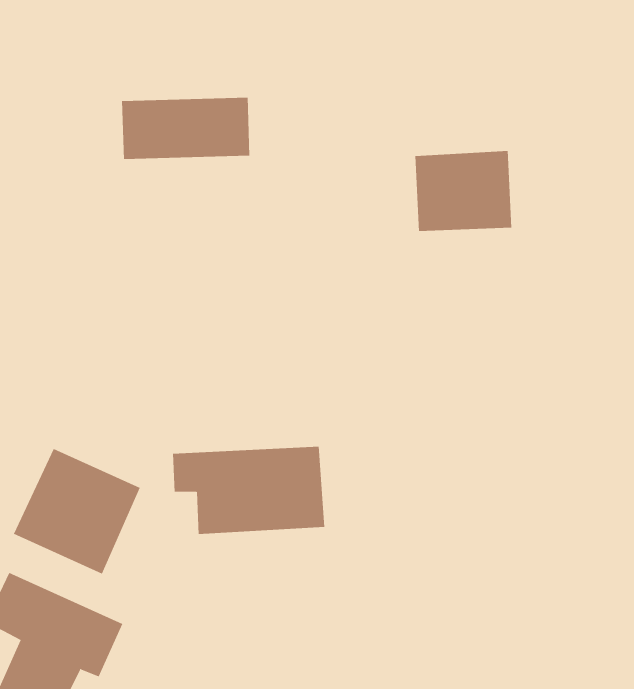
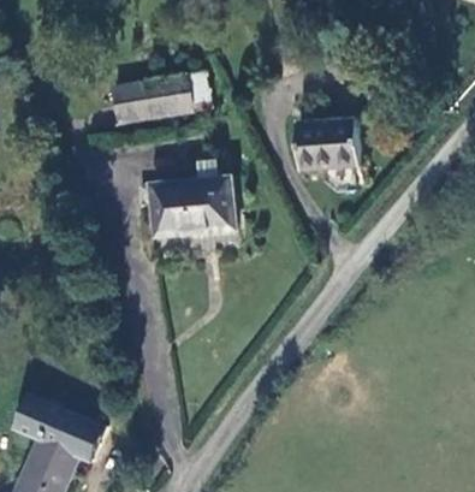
building: [172,446,325,535] -> [135,182,234,239]
building: [13,448,140,574] -> none

